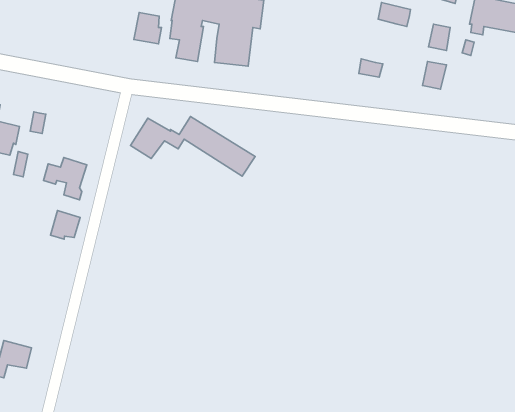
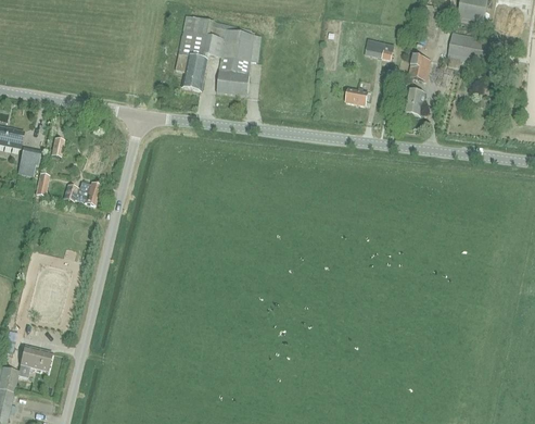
building: [134,12,162,44] -> none
building: [131,116,255,176] -> none
building: [51,211,80,239] -> none

